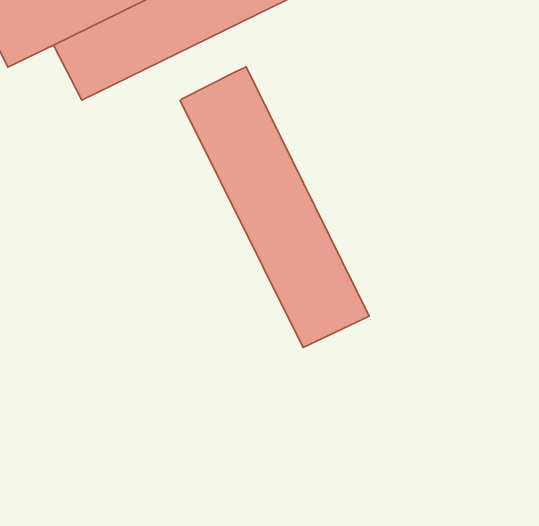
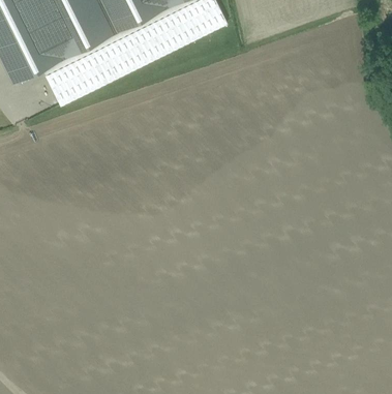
building: [180,67,369,348] -> none

